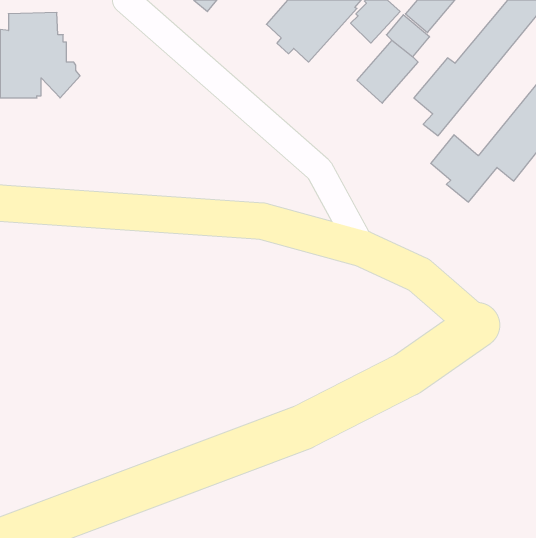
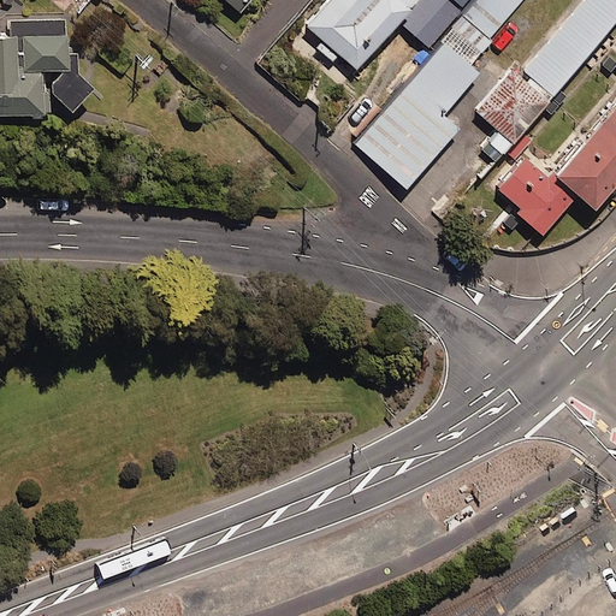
building: none -> [361,91,457,188]

